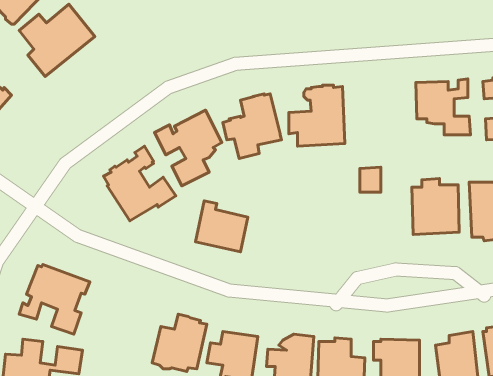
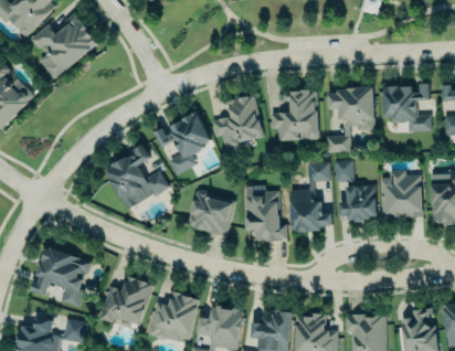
building: none -> [327,86,375,153]
building: none -> [290,163,332,232]
building: none -> [339,185,377,222]
building: none -> [244,187,286,243]
building: none -> [95,276,149,330]

